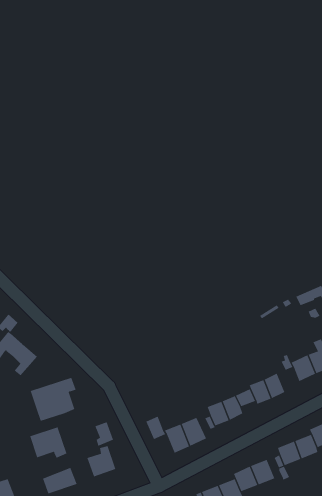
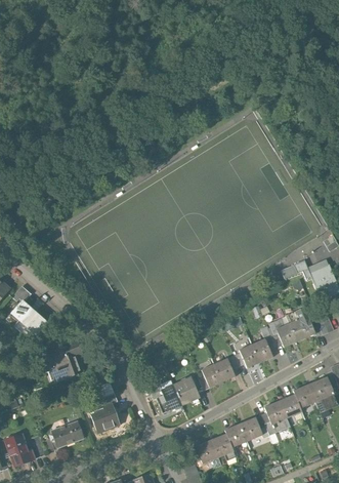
building: [30,427,67,458] -> none

